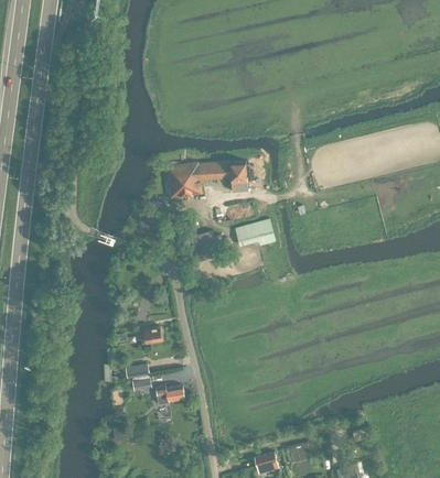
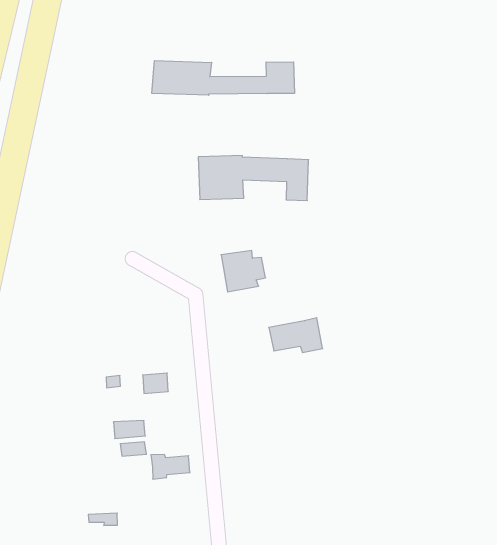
building: none -> [152,61,294,95]
building: [234,219,275,247] -> [269,318,323,352]

